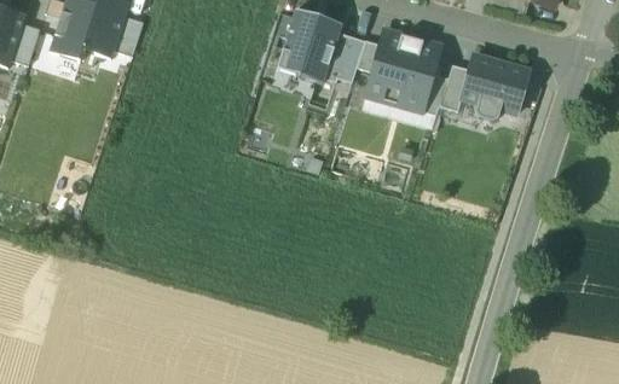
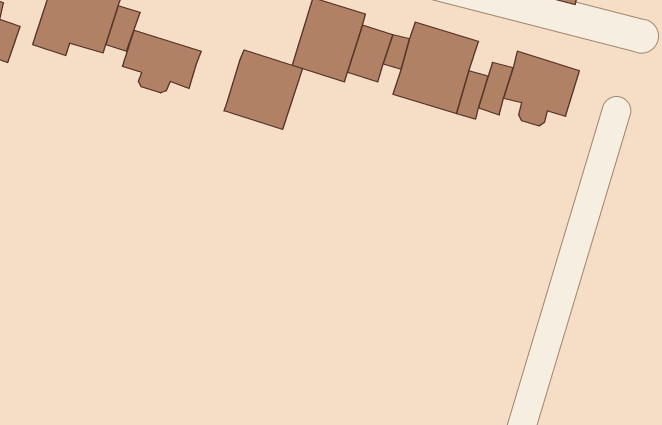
building: none -> [122,30,201,93]
building: none -> [224,50,303,129]

